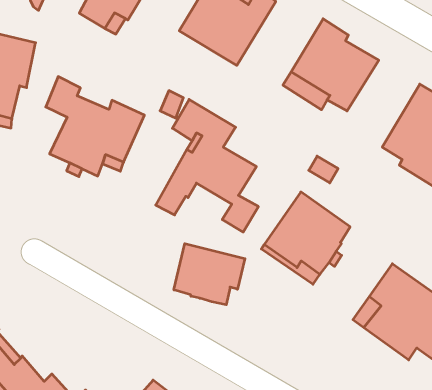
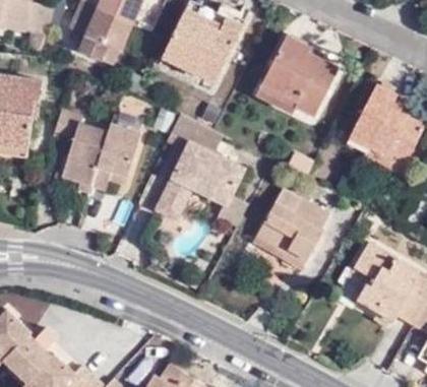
building: [174,244,245,305] -> none

